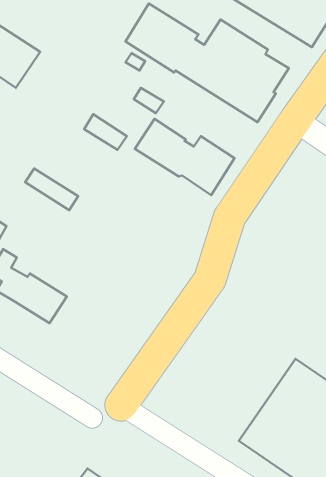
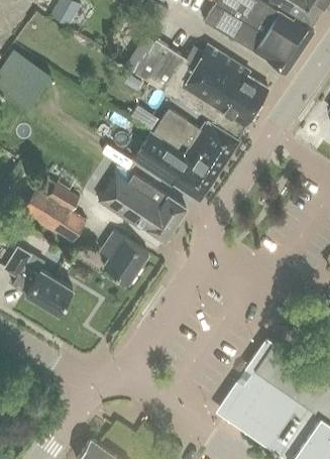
building: none -> [158,113,237,168]
building: none -> [99,176,187,242]
building: none -> [24,190,88,243]
building: none -> [101,232,148,284]

